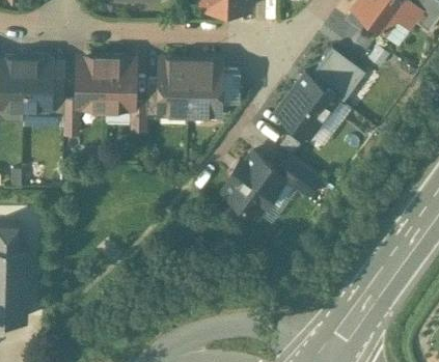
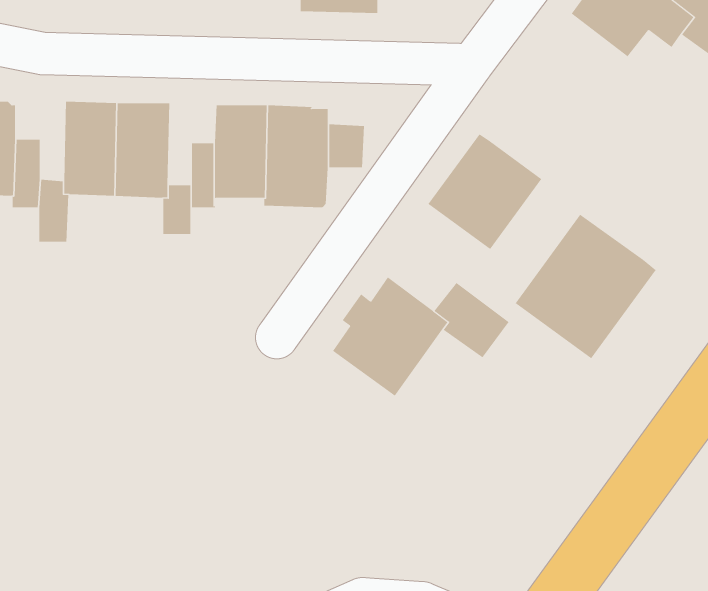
building: [308,50,363,104] -> none
building: none -> [515,214,657,359]

